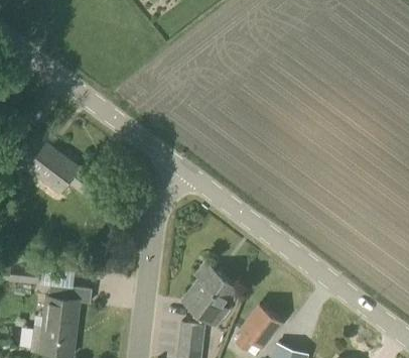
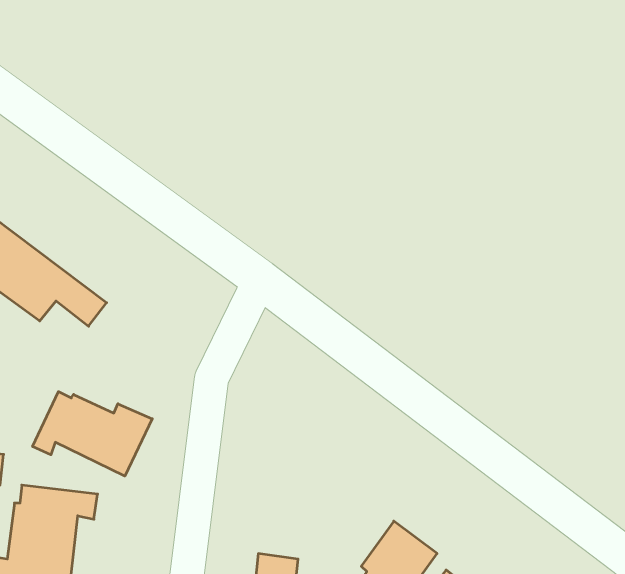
building: none -> [33,392,152,476]
building: [179,263,235,329] -> none

